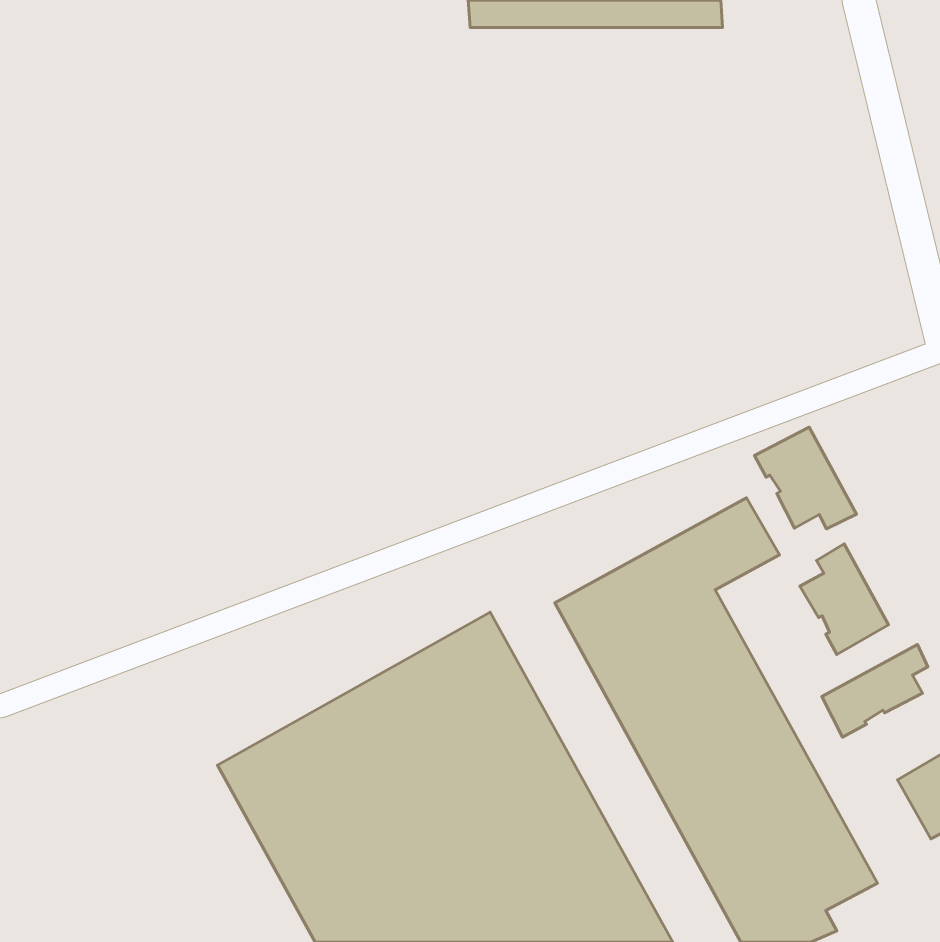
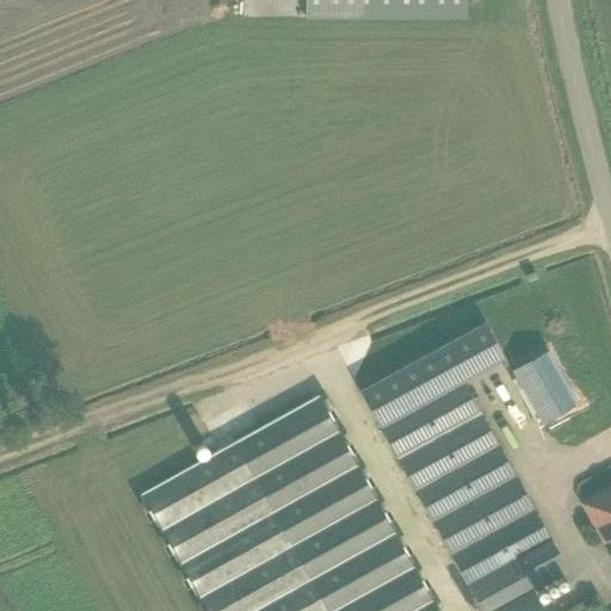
building: [754,427,857,529] -> none
building: [822,645,928,737] -> none

